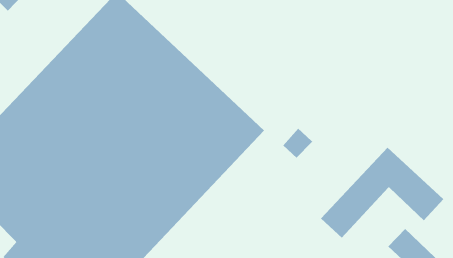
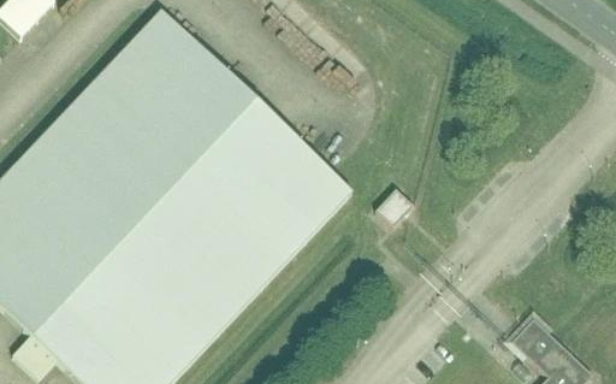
building: [320,147,444,239] -> none

